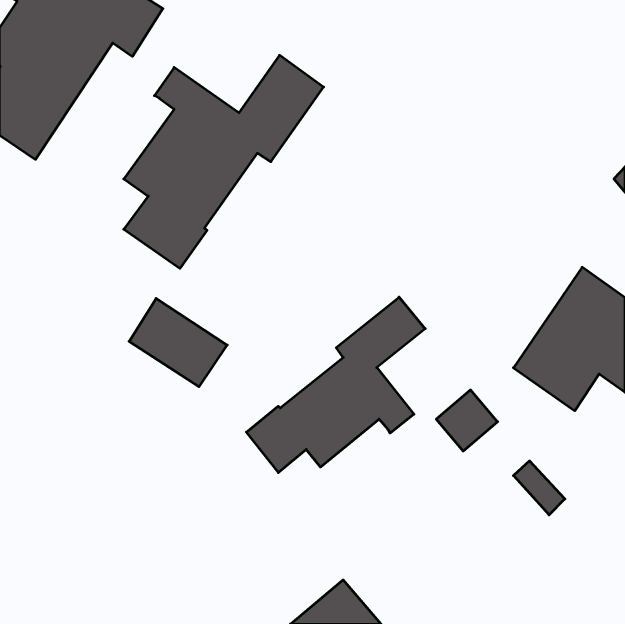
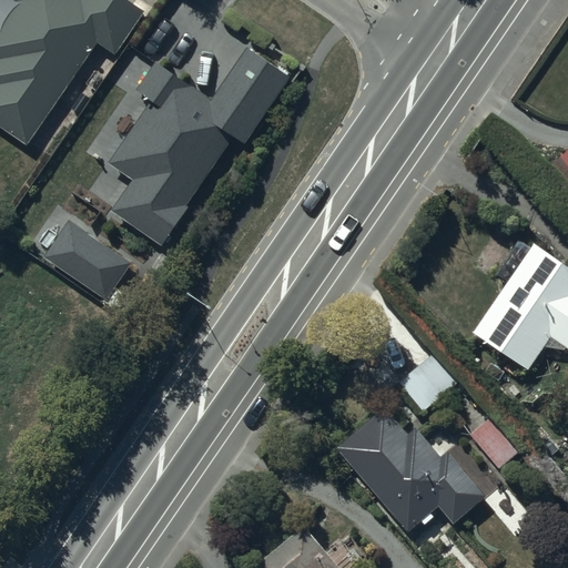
building: [246,297,425,473] -> none
building: [129,298,227,387] -> [48,220,136,300]
building: none -> [331,410,473,532]

